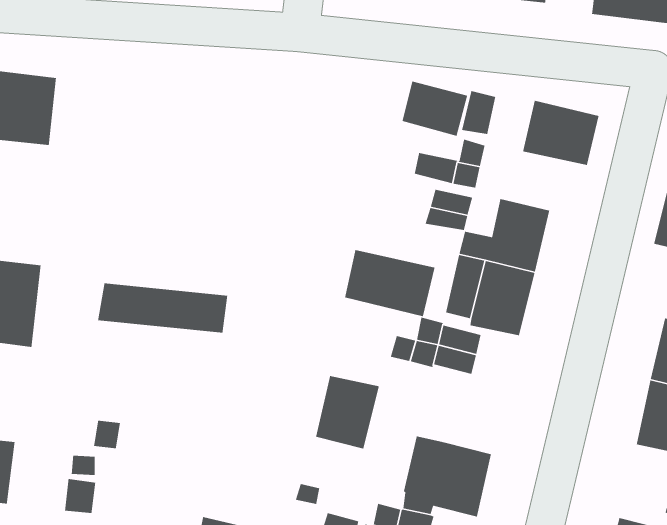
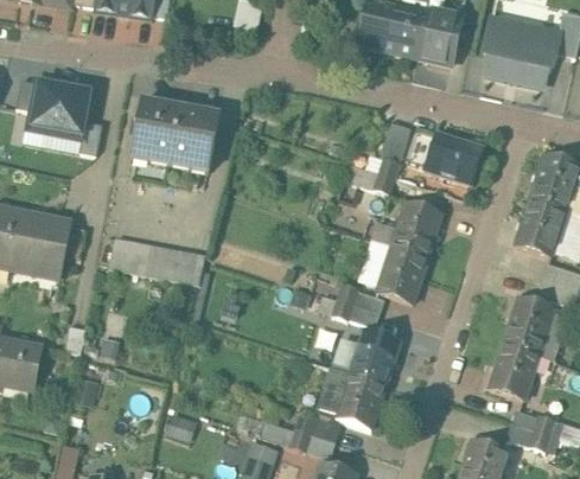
building: [401,81,468,137] -> none
building: none -> [130,100,218,171]
building: [344,249,435,317] -> none
building: [315,375,380,450] -> [350,330,400,385]

